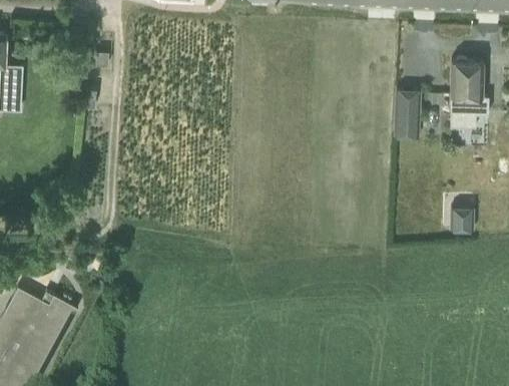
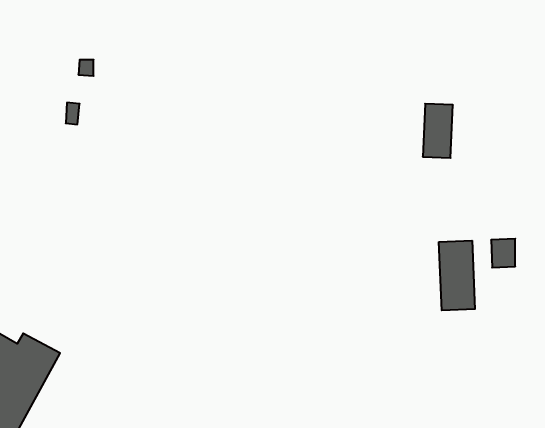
building: [448,59,487,128] -> none
building: none -> [439,241,475,310]

